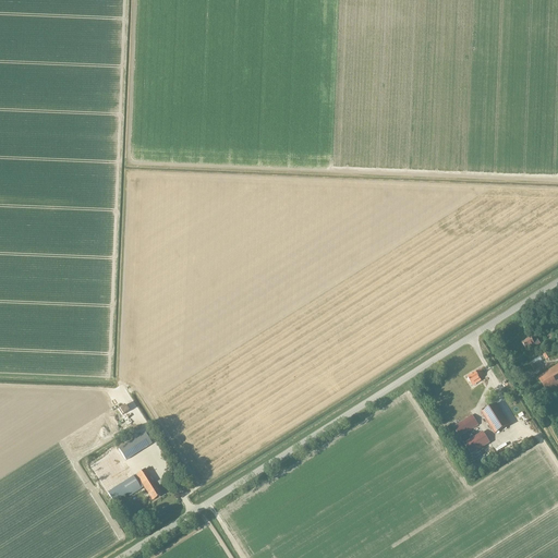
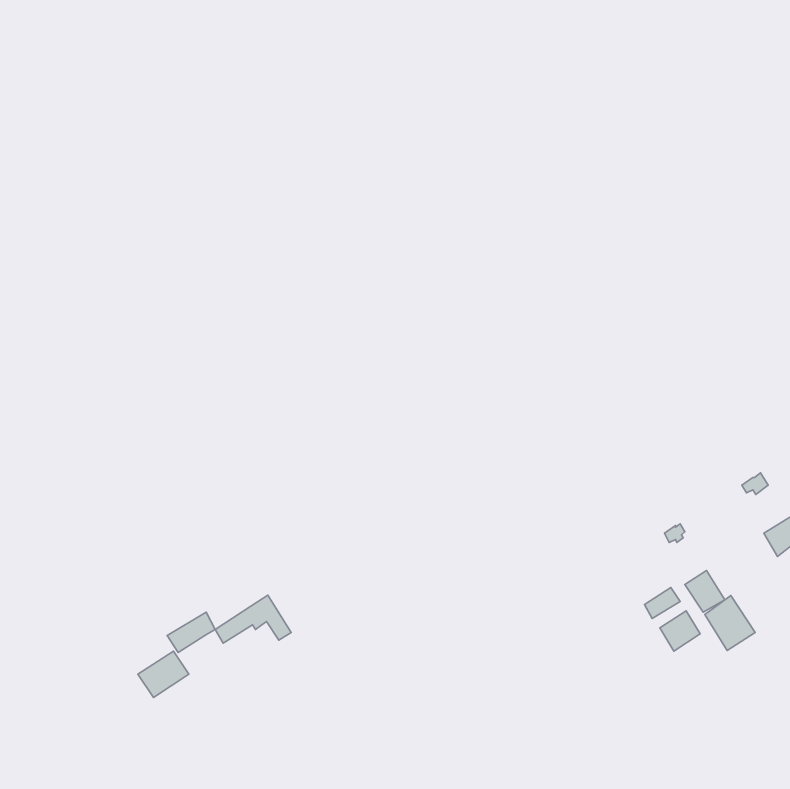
building: none -> [705,596,755,650]
building: [109,466,162,500] -> [215,595,291,643]

